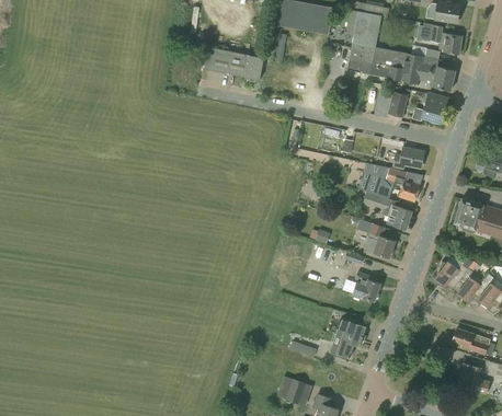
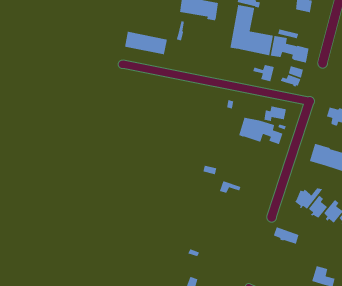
building: [425,23,461,55] -> none
building: [363,190,411,229] -> none
building: [357,219,395,257] -> none
building: [353,271,380,300] -> none
building: [336,317,366,357] -> none
building: [453,328,489,354] -> [273,226,300,245]

